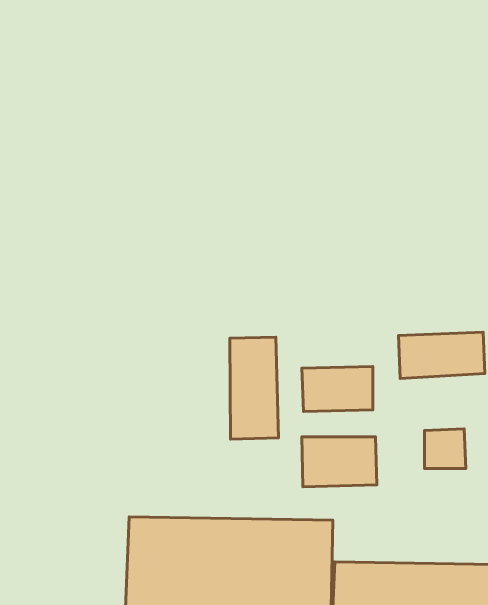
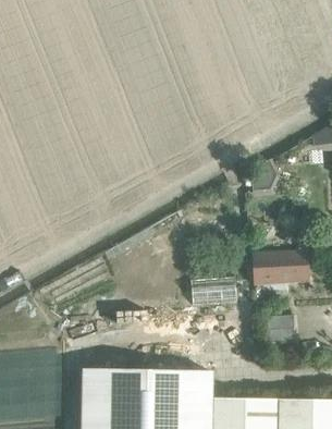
building: [230,337,278,439] -> none
building: [302,437,377,487] -> none

